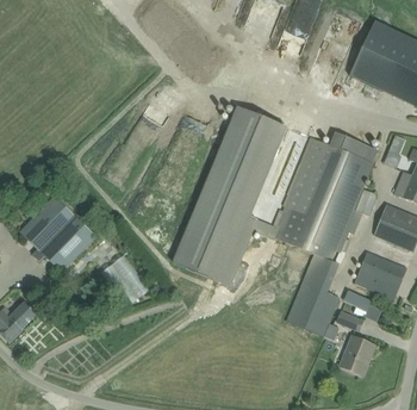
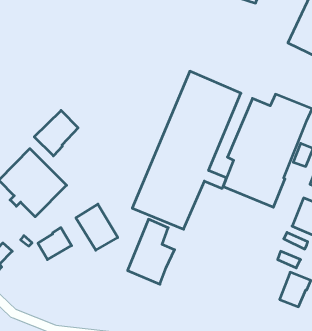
building: none -> [34,110,78,156]
building: [286,262,340,336] -> [128,219,175,284]
building: none -> [38,228,72,260]

